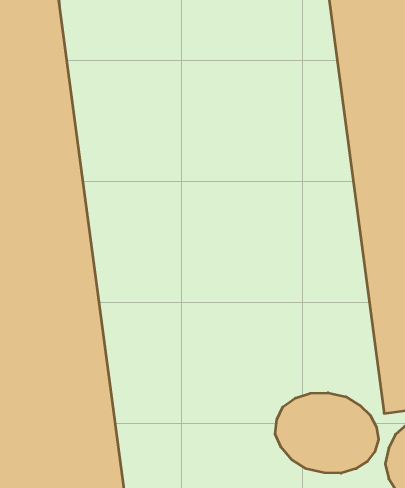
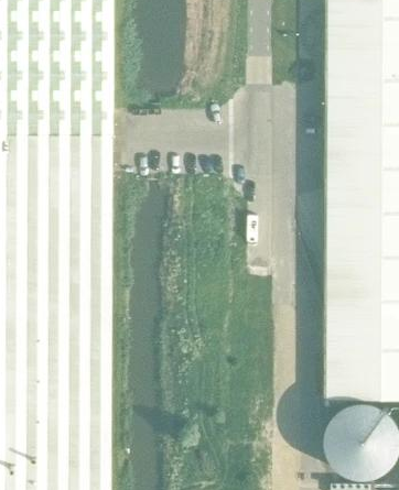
building: [275,393,379,473] -> none

